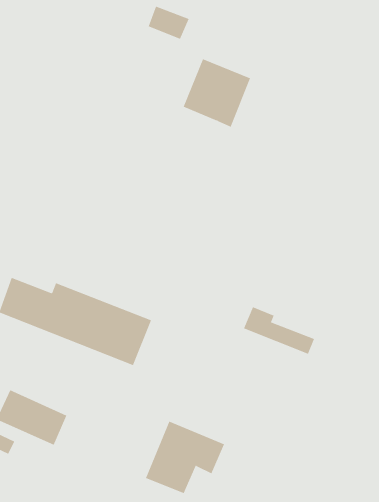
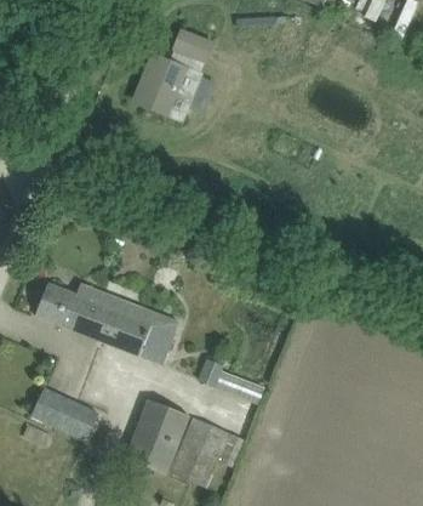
building: [183,58,251,128] -> [135,55,198,119]
building: [243,306,315,355] -> [198,356,264,400]
building: none -> [125,397,188,472]

